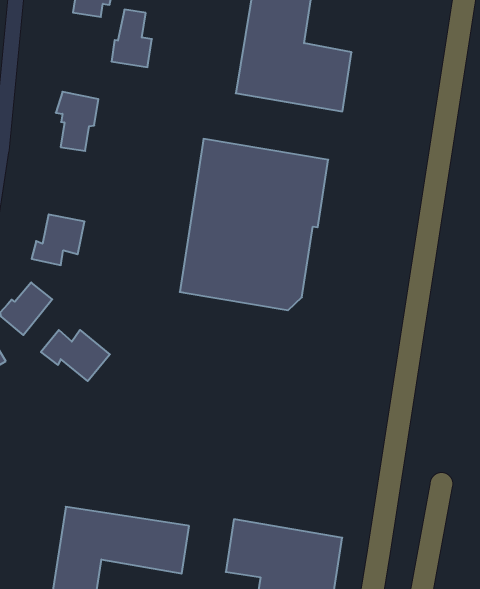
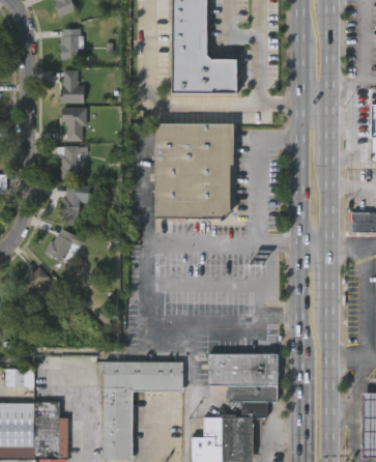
building: [111,10,152,67] -> [61,68,84,102]
building: none -> [55,145,90,177]
building: [41,330,110,381] -> none

